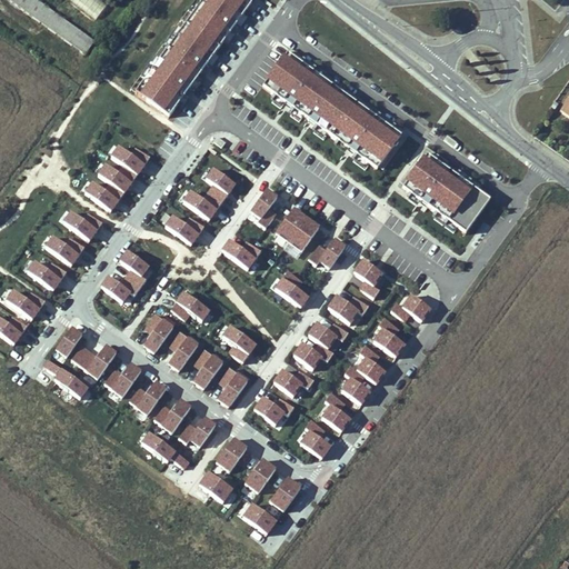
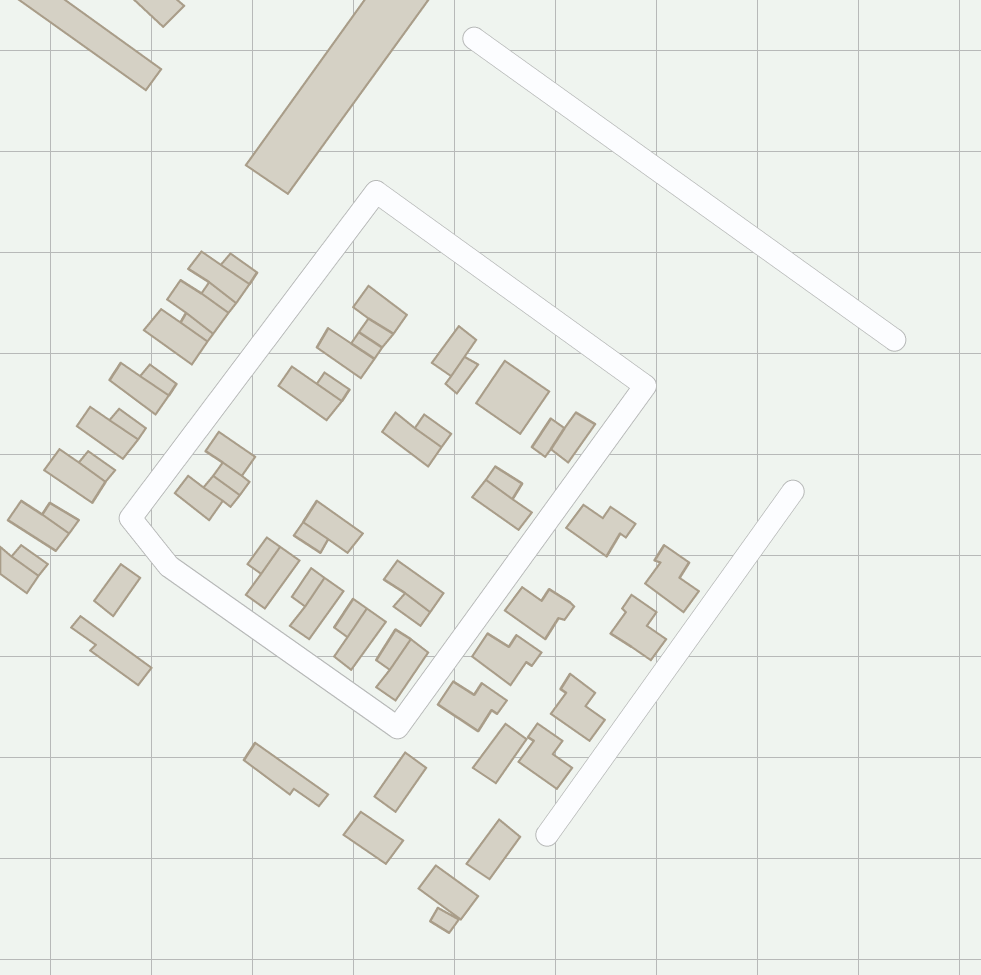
building: [262,53,396,160] -> none
building: [398,153,486,228] -> none
building: [355,259,382,297] -> none
building: [390,291,431,320] -> none
building: [307,320,348,349] -> none
building: [71,342,117,377] -> none
building: [104,361,141,396] -> none
building: [339,365,371,403] -> none
building: [129,379,167,413] -> none
building: [153,398,190,431] -> none
building: [178,415,216,446] -> none
building: [244,457,276,491] -> [473,724,527,783]

